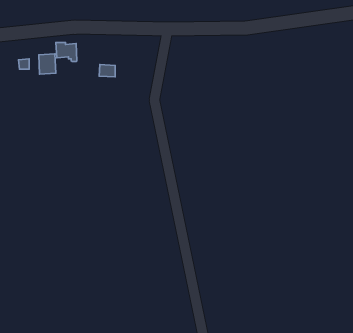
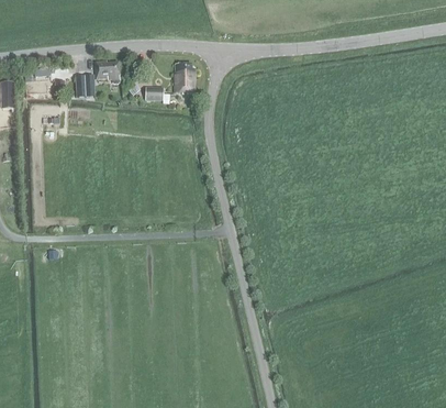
building: none -> [172,64,192,91]

